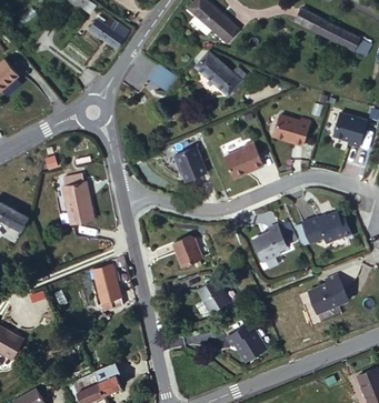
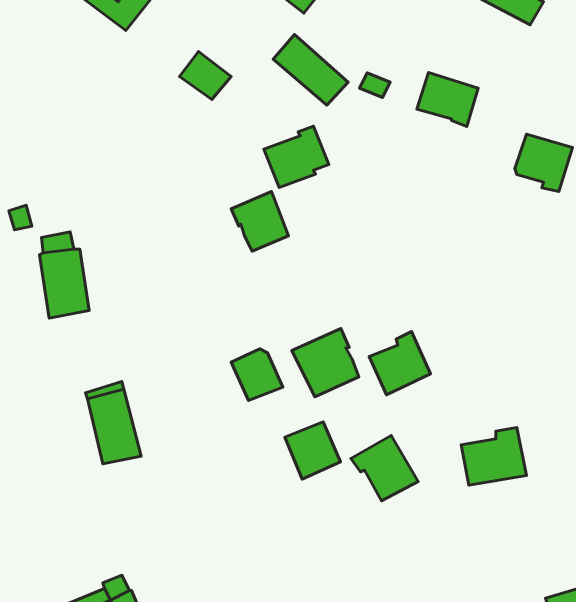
building: [277,112,312,143] -> [417,73,478,126]
building: [228,137,266,172] -> [264,126,329,188]
building: [301,210,346,241] -> none
building: none -> [292,329,359,397]
building: [228,323,267,361] -> [351,436,418,501]

